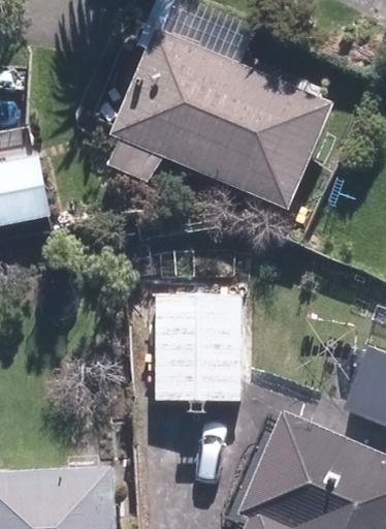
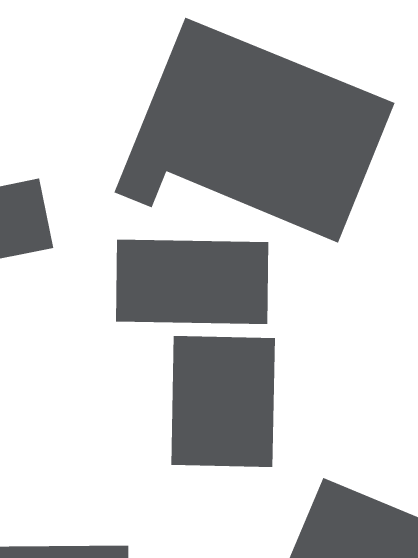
building: none -> [116,239,269,325]

